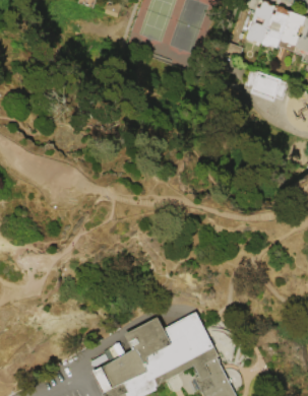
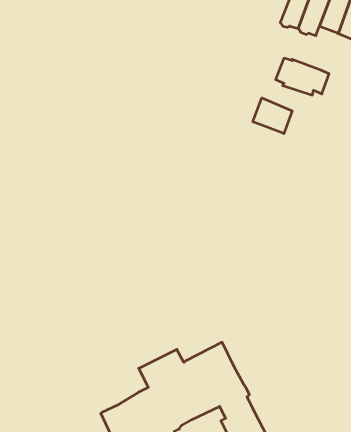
building: none -> [253,98,292,134]

